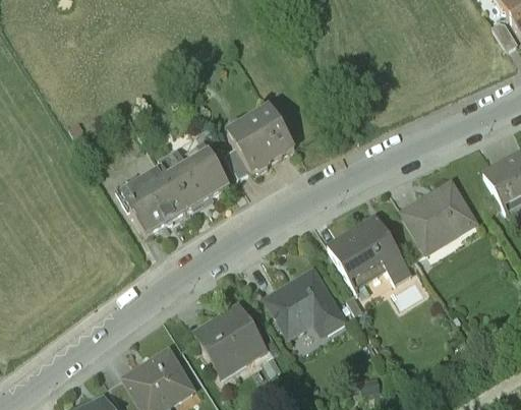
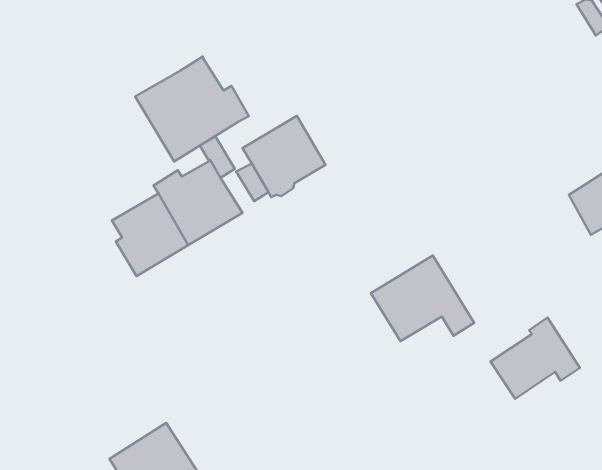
building: none -> [135,57,249,162]
building: [406,181,476,245] -> [490,317,580,399]
building: [266,269,345,337] -> none
building: [194,305,266,368] -> none

